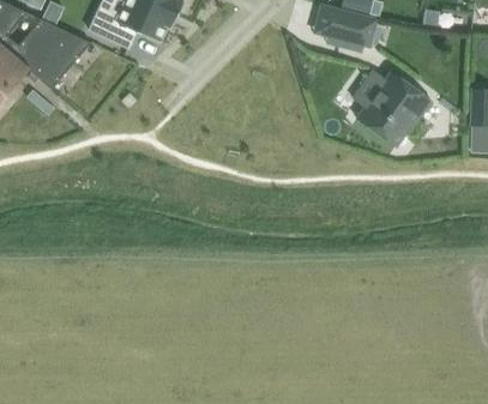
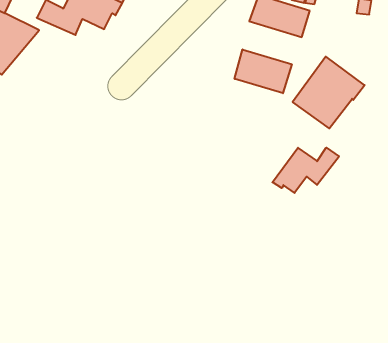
building: none -> [235,49,292,93]
building: none -> [272,148,339,193]

